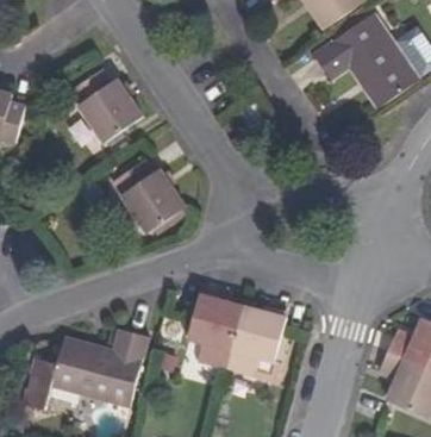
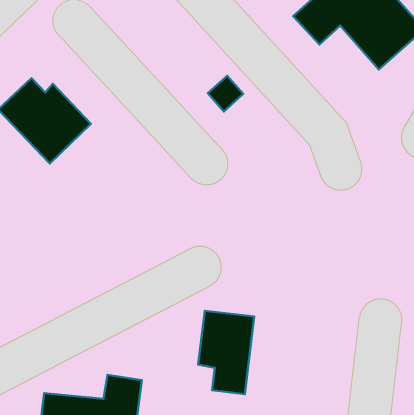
building: [107,164,181,237] -> none
building: [230,295,287,366] -> none

